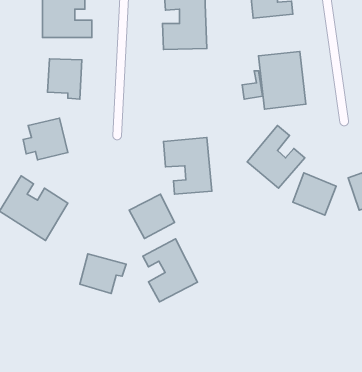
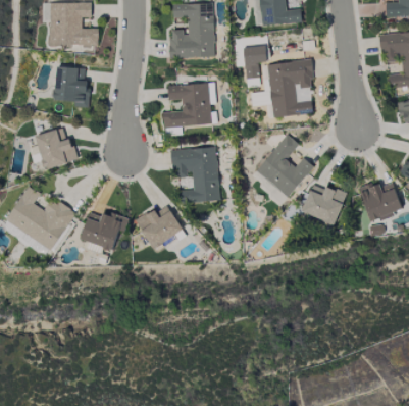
building: none -> [244,46,269,79]
building: none -> [162,82,211,128]
building: [143,239,198,302] -> none
building: [80,254,126,293] -> [82,209,129,249]

